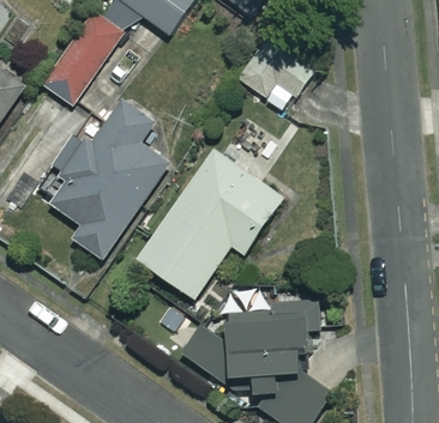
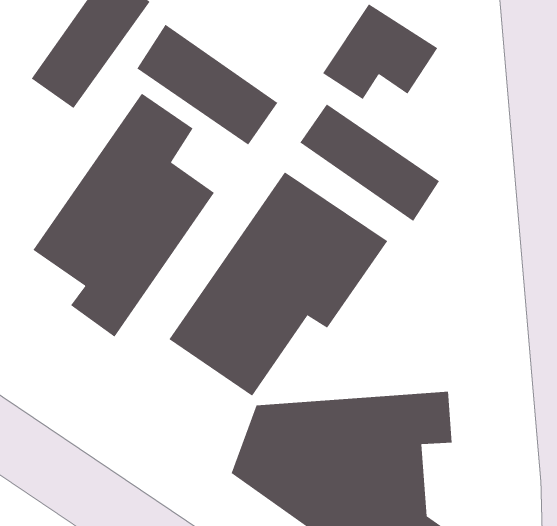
building: none -> [136,24,278,145]
building: none -> [300,104,440,222]

